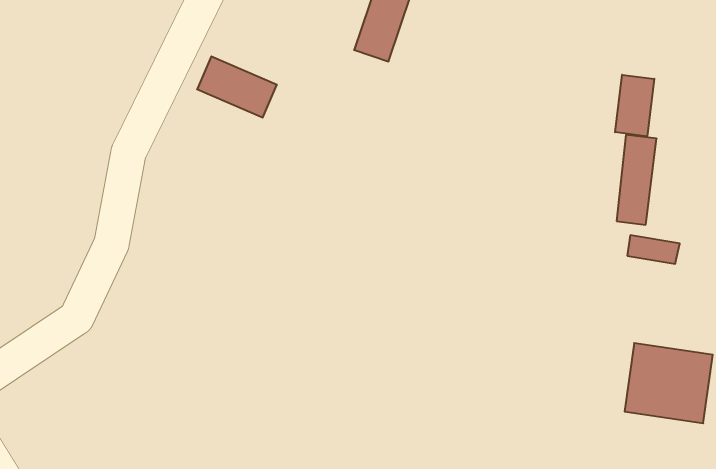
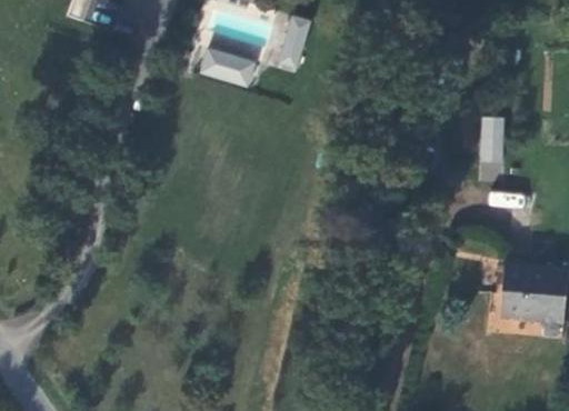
building: [197,56,277,118] -> [199,43,259,87]
building: [615,75,654,136] -> none

